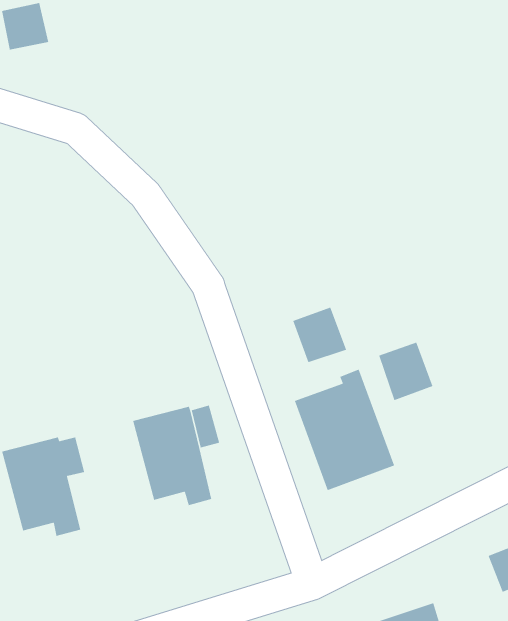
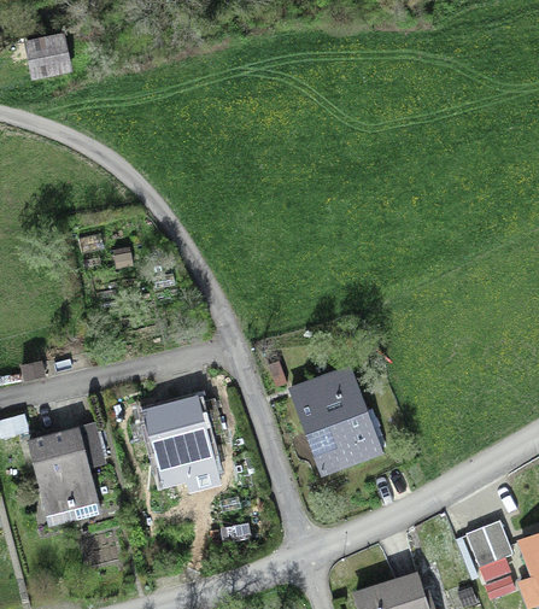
building: [292,306,347,363] -> none
building: [378,341,433,401] -> none

